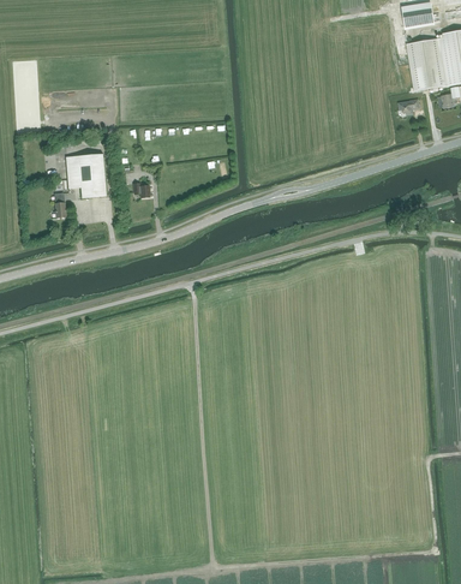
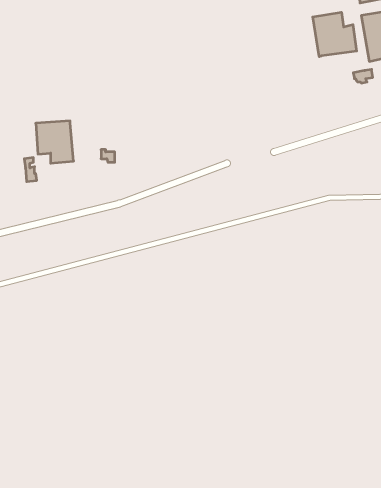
building: none -> [313,12,357,57]

